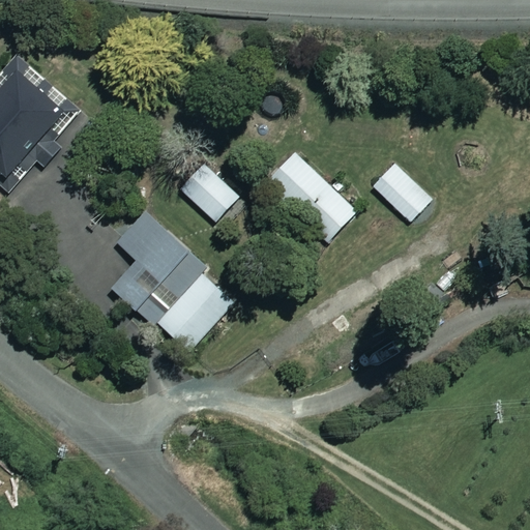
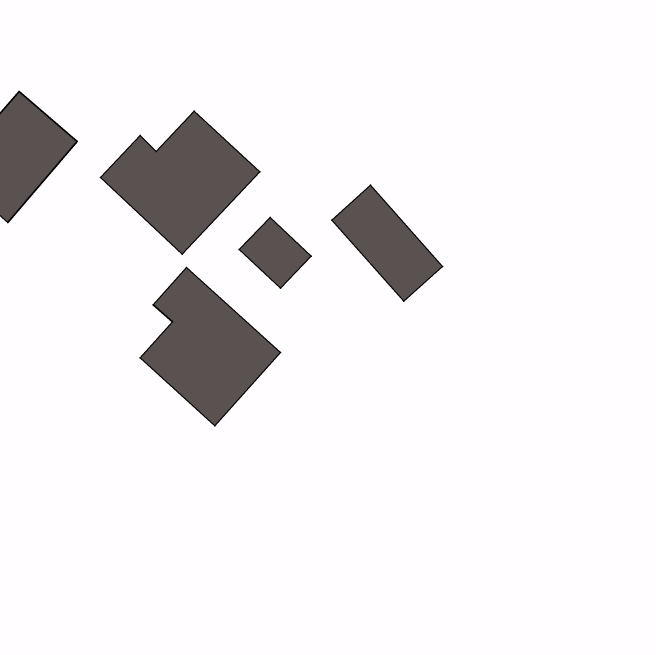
building: none -> [100,111,260,254]
building: [374,164,433,220] -> none

